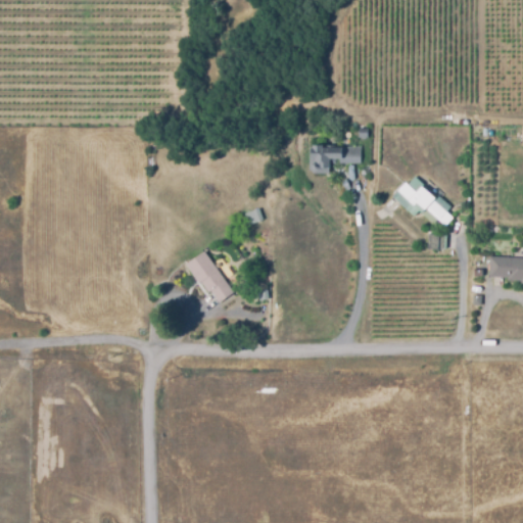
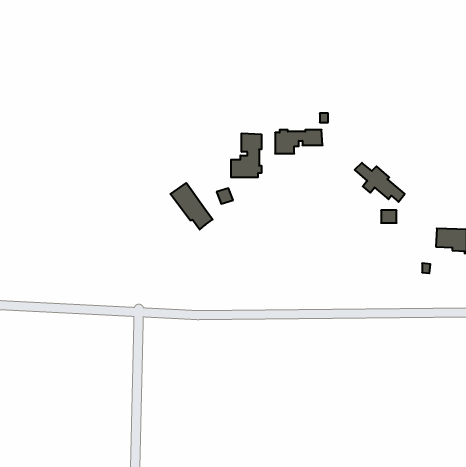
building: none -> [231,133,261,177]
building: [187,250,234,302] -> [170,183,213,230]

